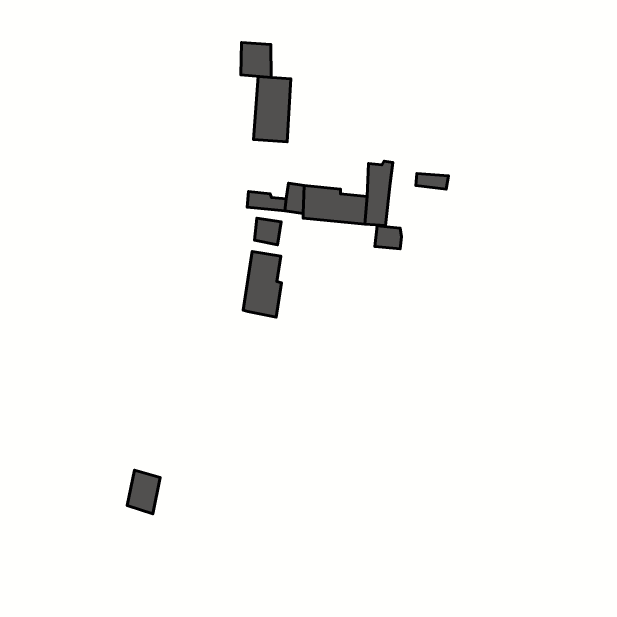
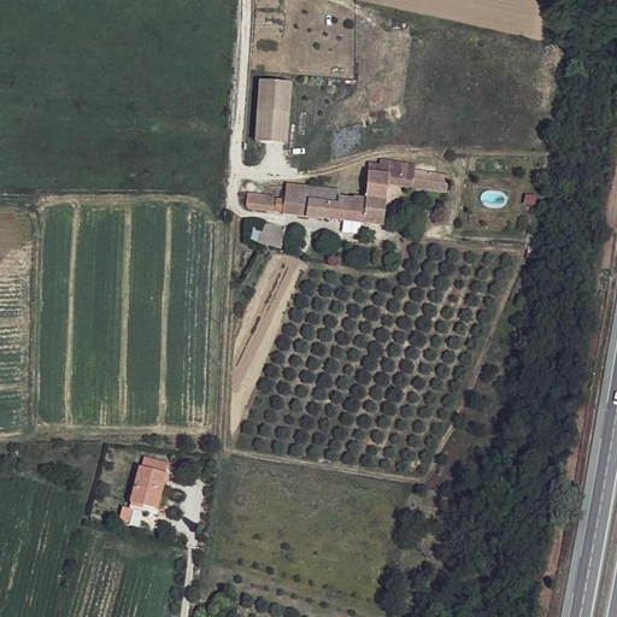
building: [241,42,271,77] -> none
building: [375,226,401,249] -> [390,161,417,184]
building: [243,251,282,317] -> none

